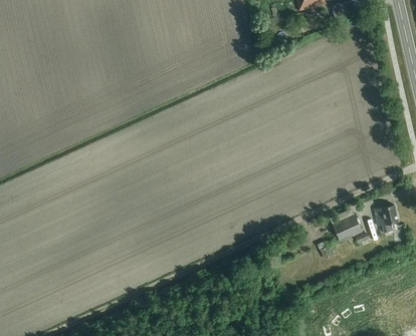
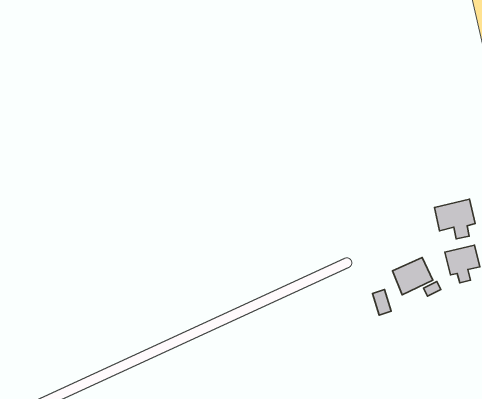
building: none -> [434,199,475,239]

